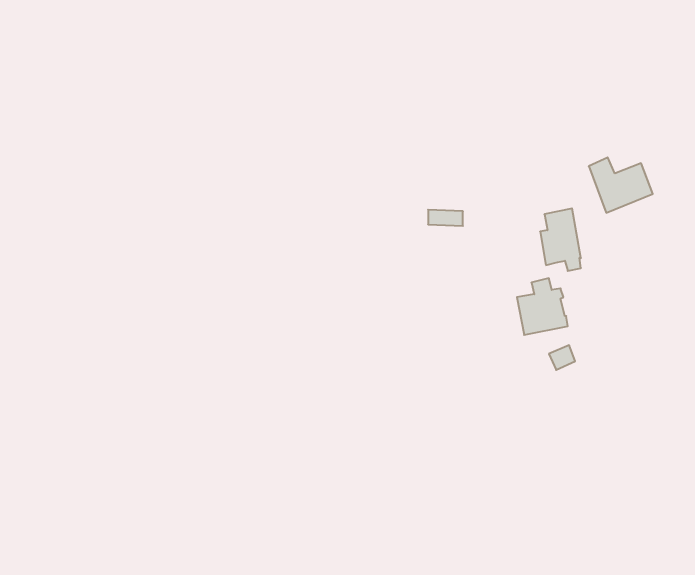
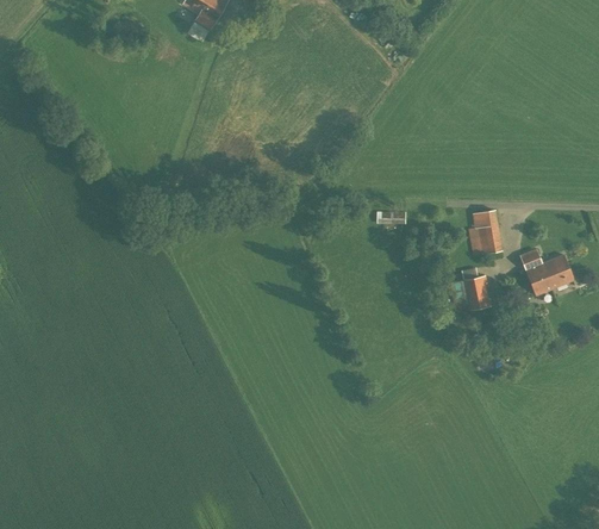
building: [589,157,653,213] -> [520,249,573,294]

